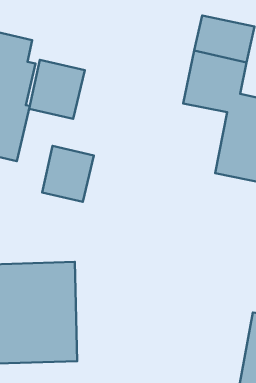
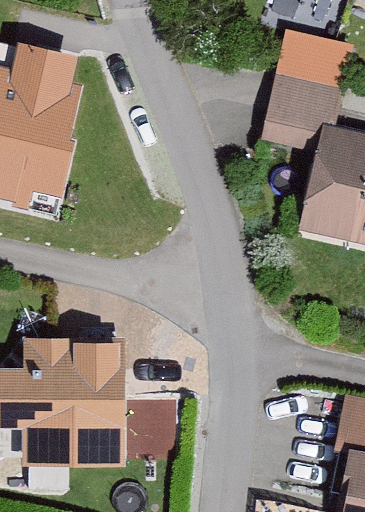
building: [29,60,85,119] -> none
building: [42,146,94,202] -> none

